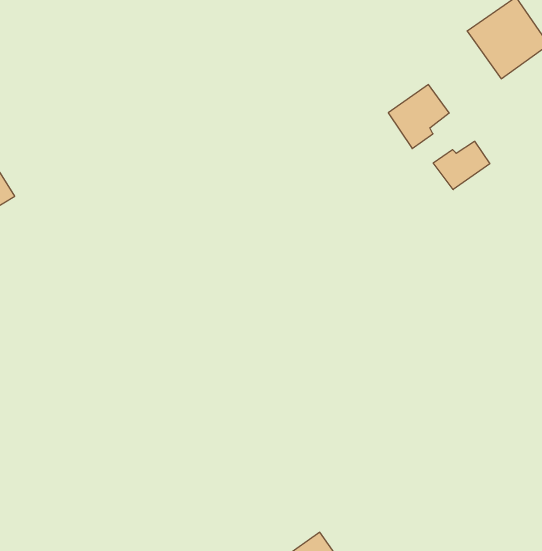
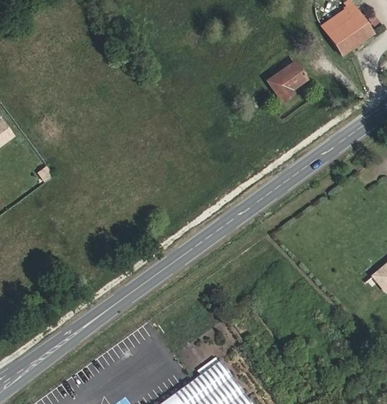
building: [433,141,490,190] -> none

